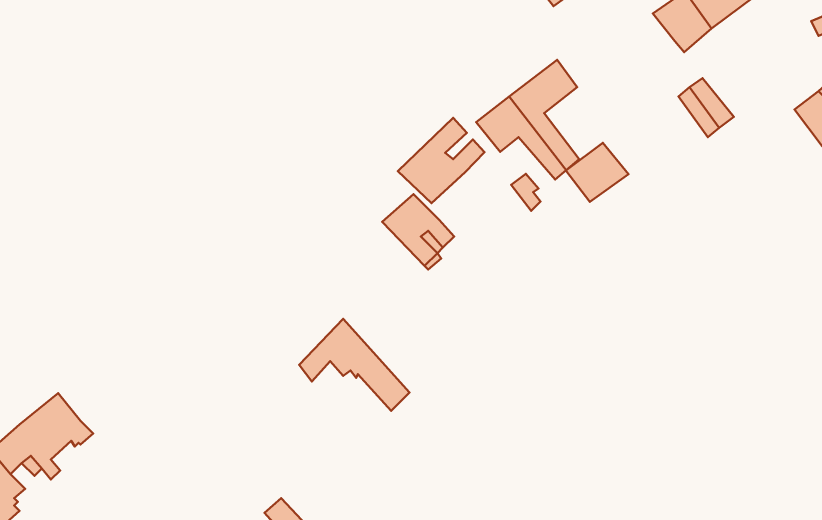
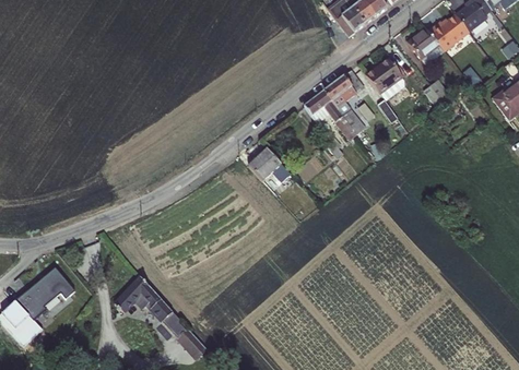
building: [398,118,485,203] -> none
building: [566,143,628,202] -> [366,58,403,93]
building: [299,319,409,411] -> [115,276,180,331]

